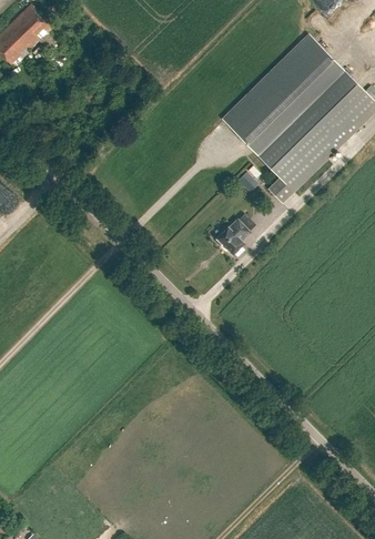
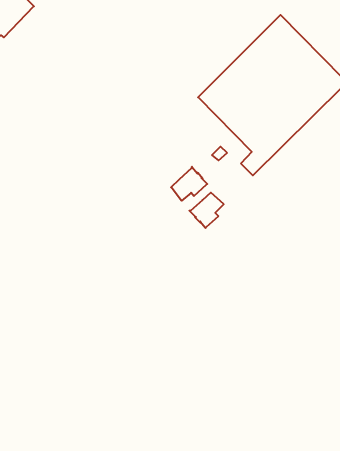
building: none -> [171,167,207,201]

